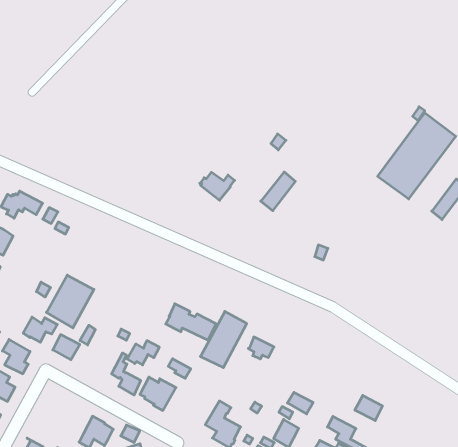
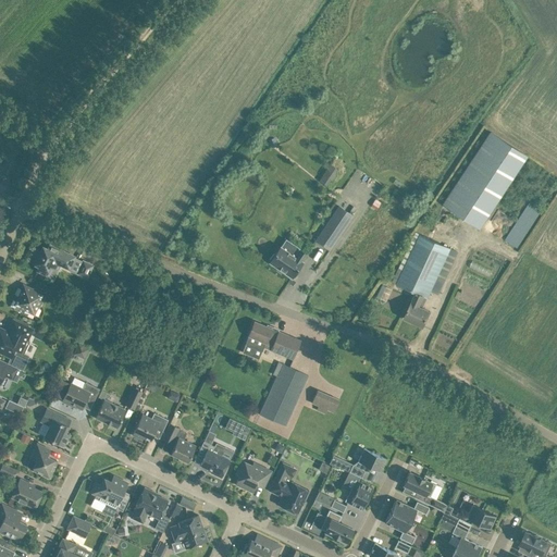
building: [200,172,235,200] -> [269,247,307,277]
building: none -> [393,233,458,326]
building: [46,275,94,328] -> none
building: [166,304,216,340] -> [245,321,300,359]
building: [127,341,159,365] -> [133,412,168,440]
building: [355,395,382,421] -> none
building: none -> [235,460,271,492]
building: none -> [90,476,131,516]

